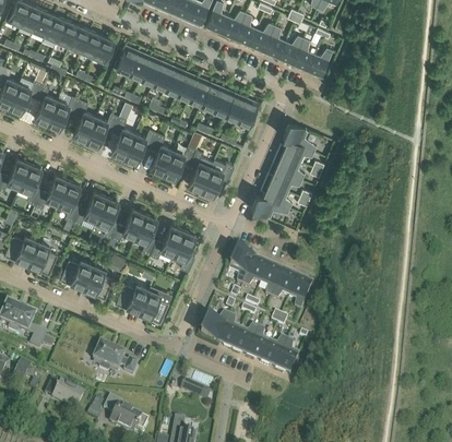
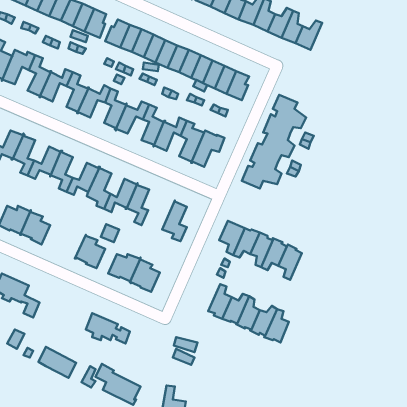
building: [151,226,185,260] -> none
building: [61,261,94,289] -> none
building: [201,312,230,343] -> none

